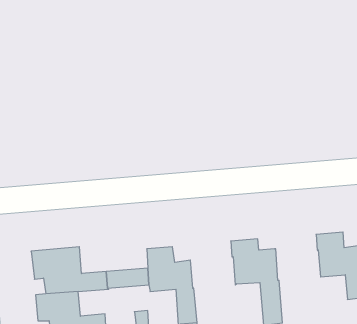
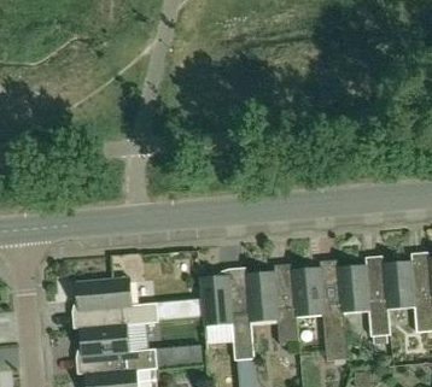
building: none -> [337,264,390,336]
building: none -> [246,271,299,344]

